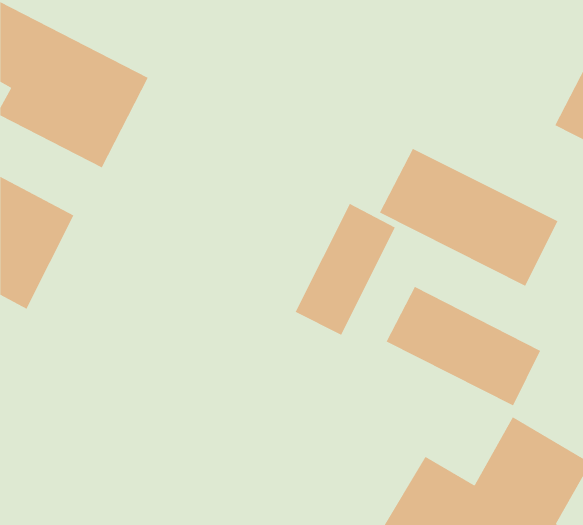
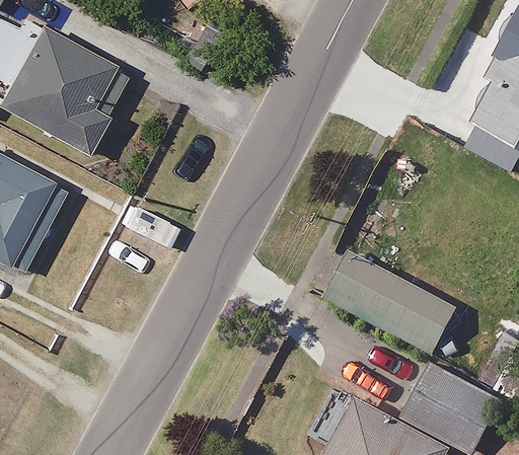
building: [379,148,559,287] -> none
building: [294,203,396,336] -> none

